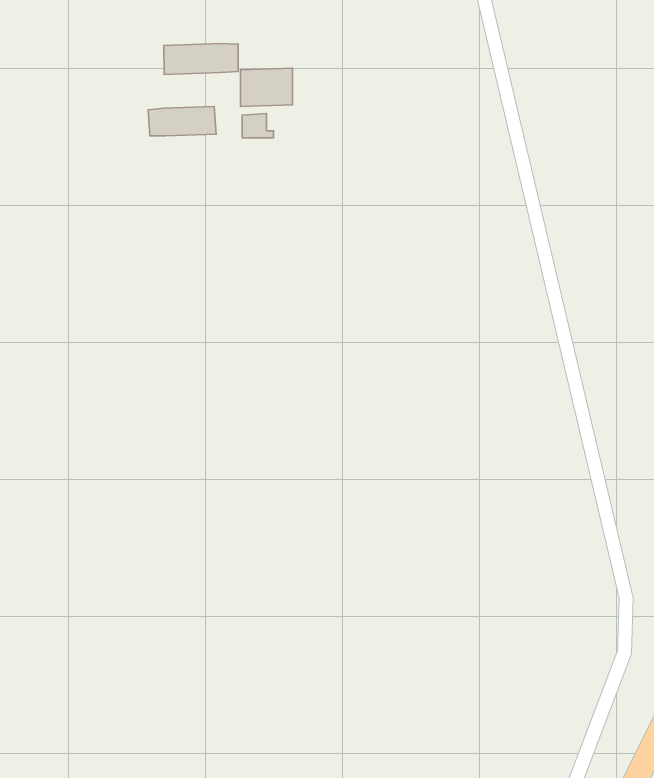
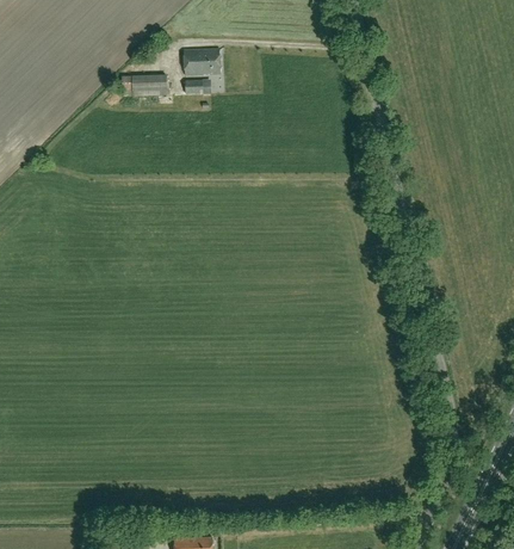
building: [164,44,238,75] -> none

